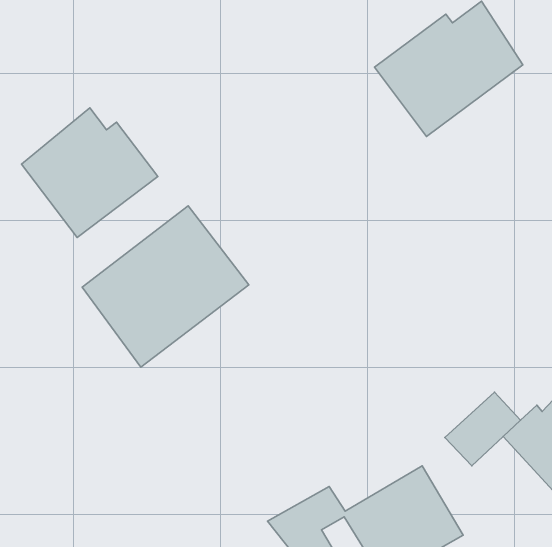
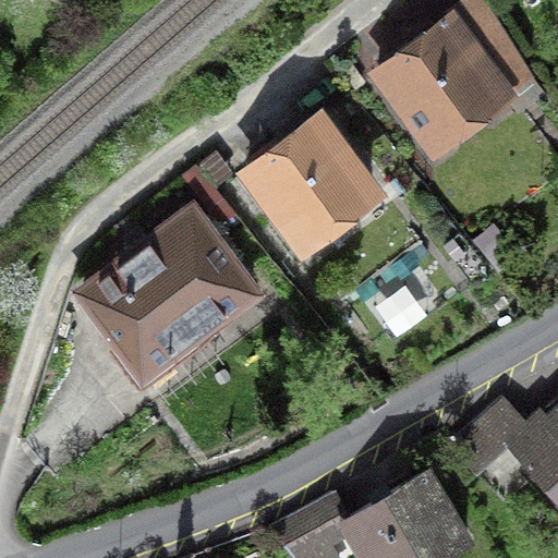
building: [22,108,158,237] -> none
building: none -> [247,120,371,244]

